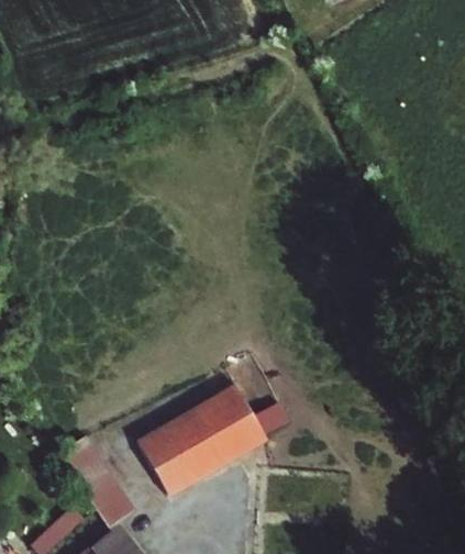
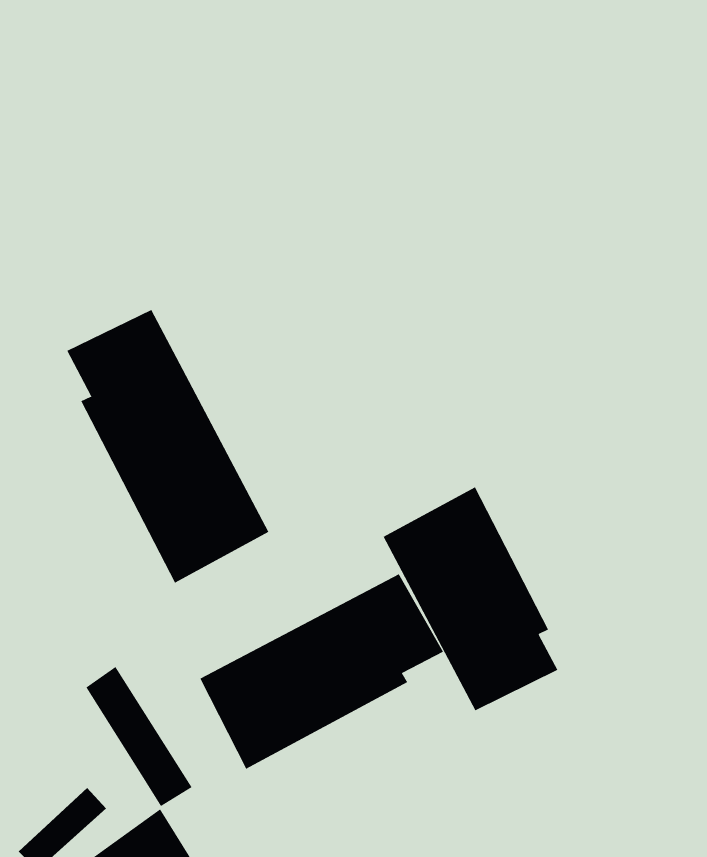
building: none -> [66,309,269,584]
building: none -> [383,486,558,711]

